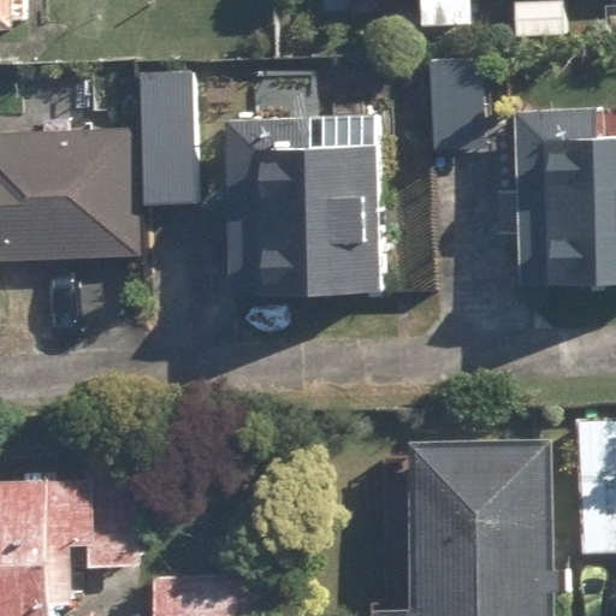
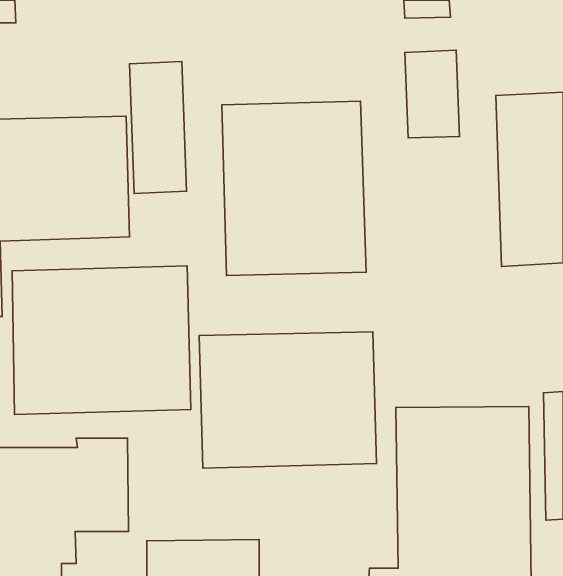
building: none -> [12,266,191,415]
building: none -> [199,332,377,468]

